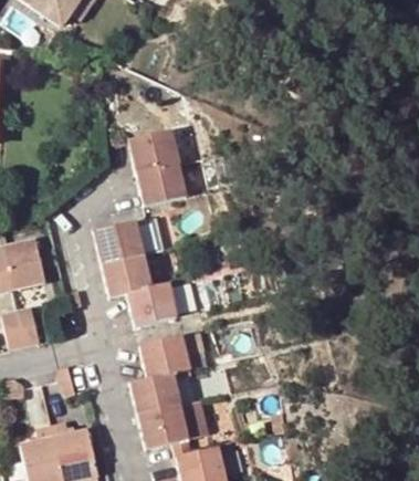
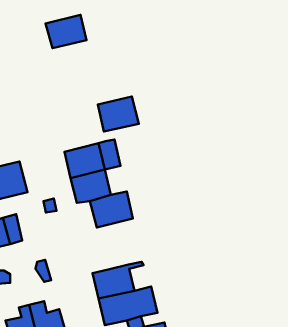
building: [128,129,180,171] -> [45,15,87,48]
building: [140,330,208,379] -> none

